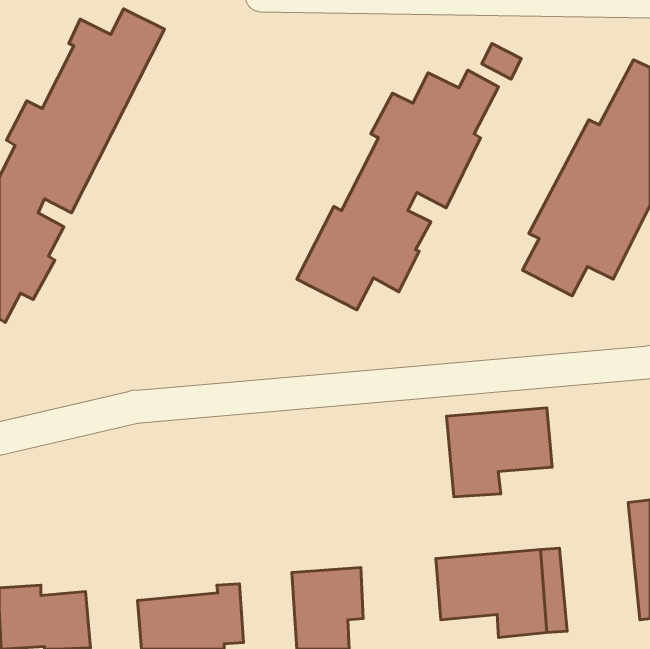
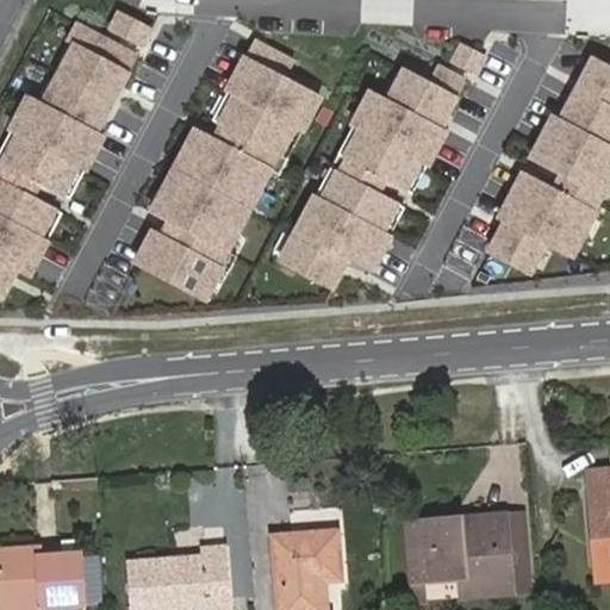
building: none -> [133,38,323,301]
building: [446,408,552,497] -> none

